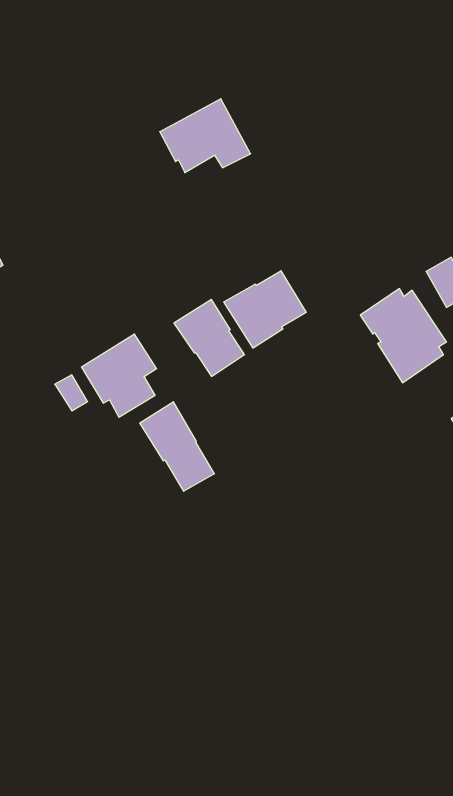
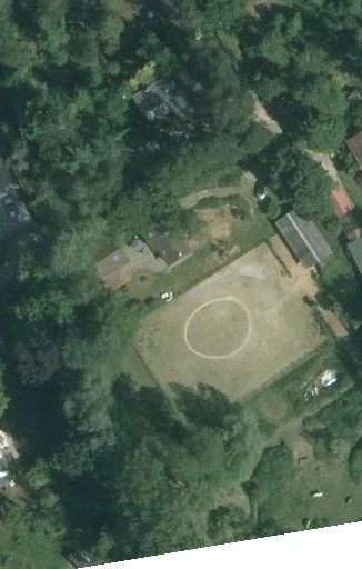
building: [224,271,306,348] -> none
building: [140,402,214,491] -> none

